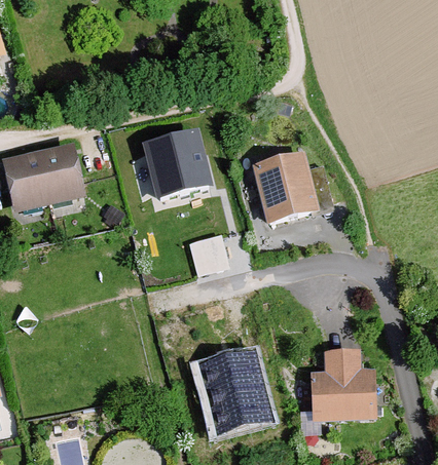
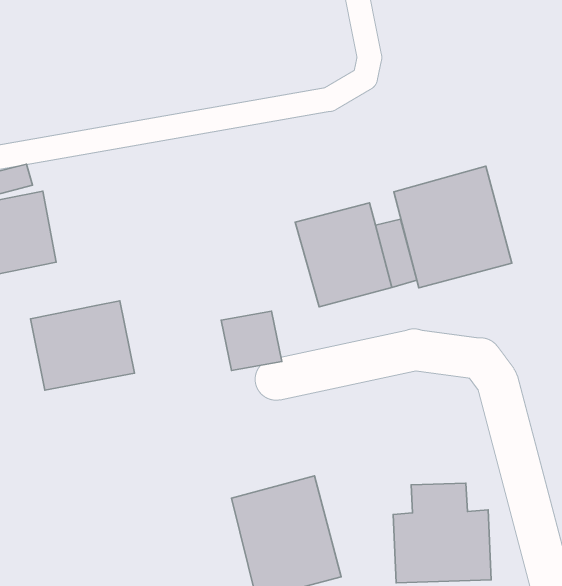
building: [141,124,215,203] -> none
building: none -> [394,166,512,288]
building: none -> [30,301,135,390]

